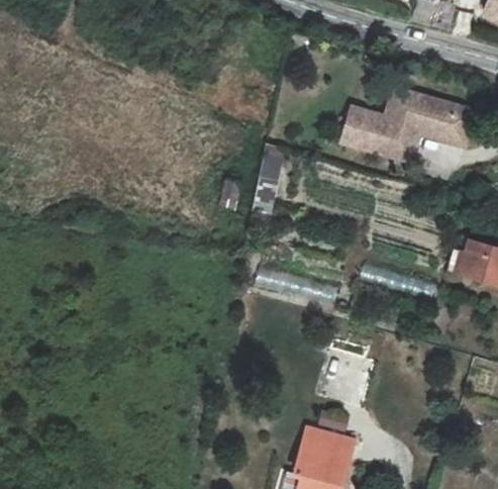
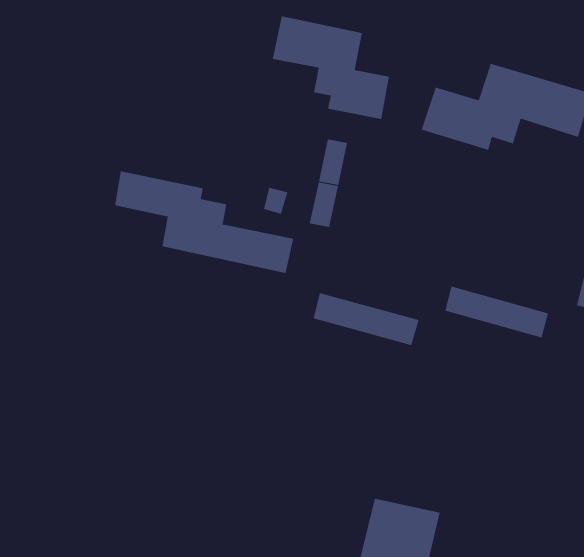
building: none -> [272,15,390,120]
building: none -> [115,170,294,274]

